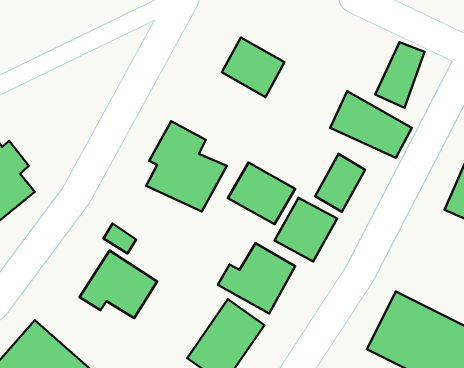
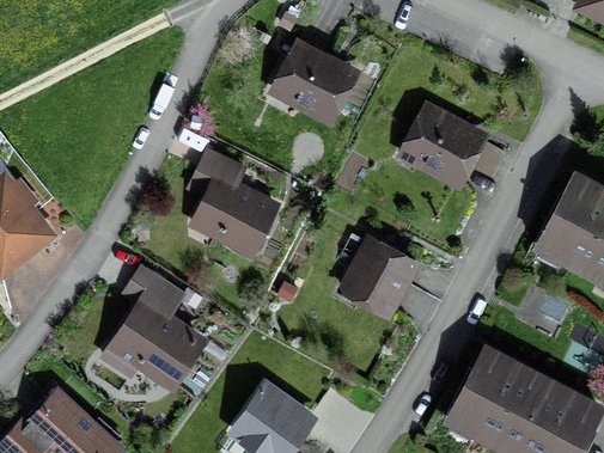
building: [375,42,424,108] -> none
building: [315,154,365,212] -> none
building: [228,163,295,224] -> none
building: [218,243,295,314] -> none

